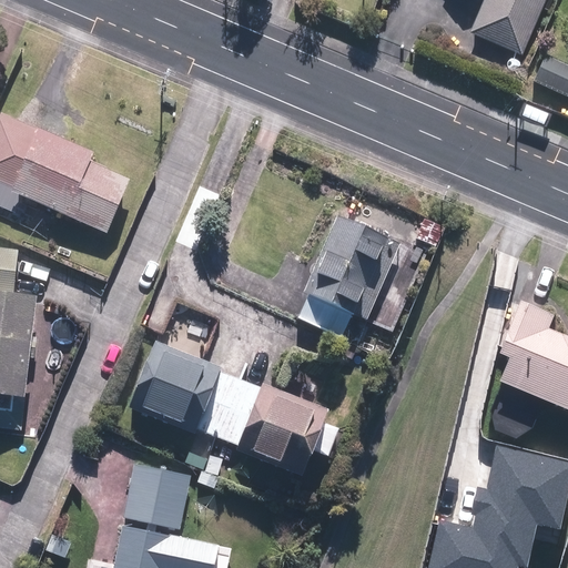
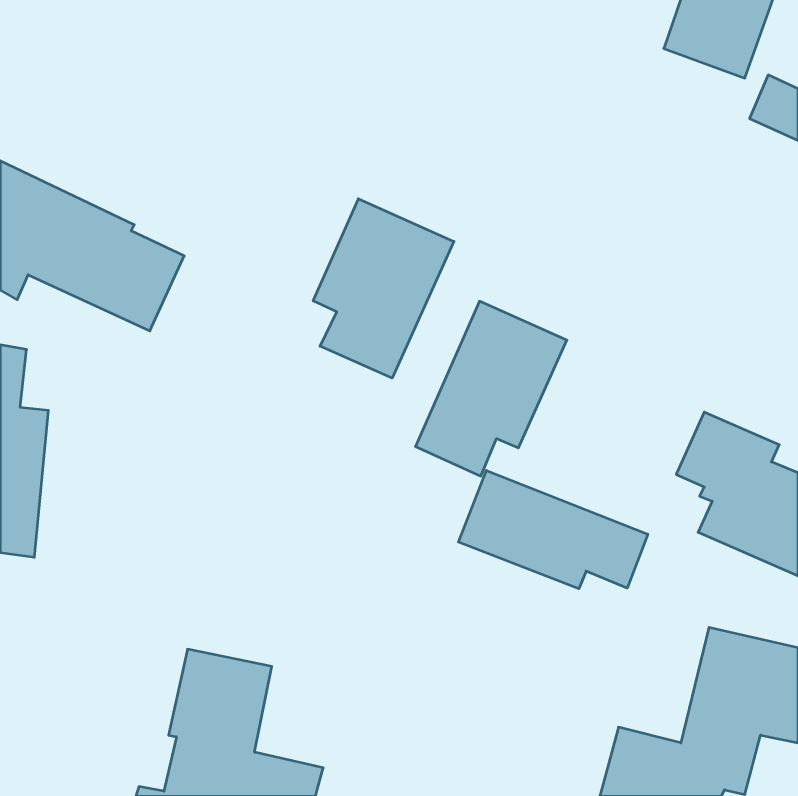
building: none -> [313,199,454,378]
building: none -> [458,470,648,589]
building: [123,341,342,477] -> none

